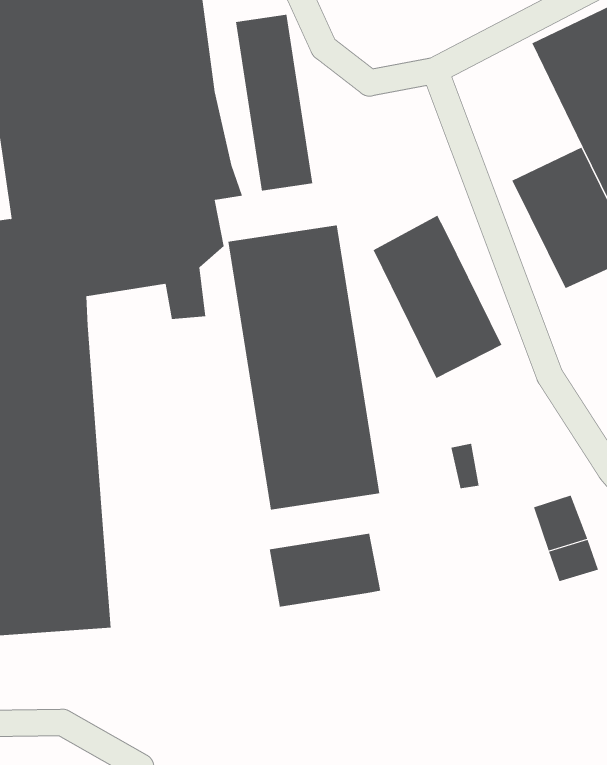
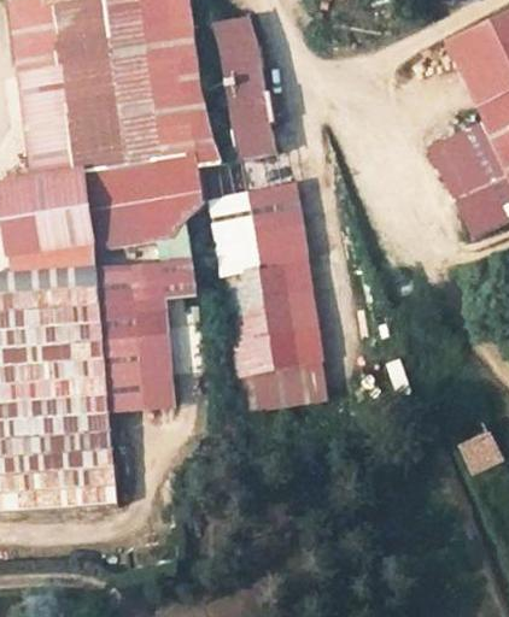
building: [373,215,502,379] -> none
building: none -> [98,258,193,409]
building: [269,533,381,608] -> none

